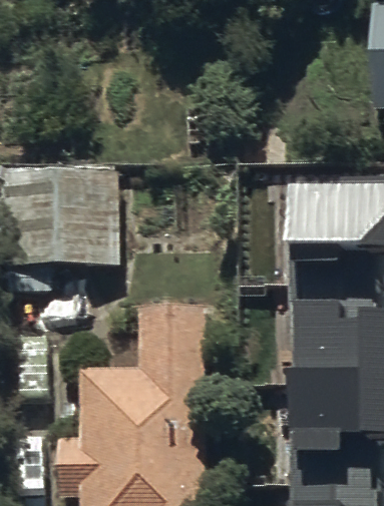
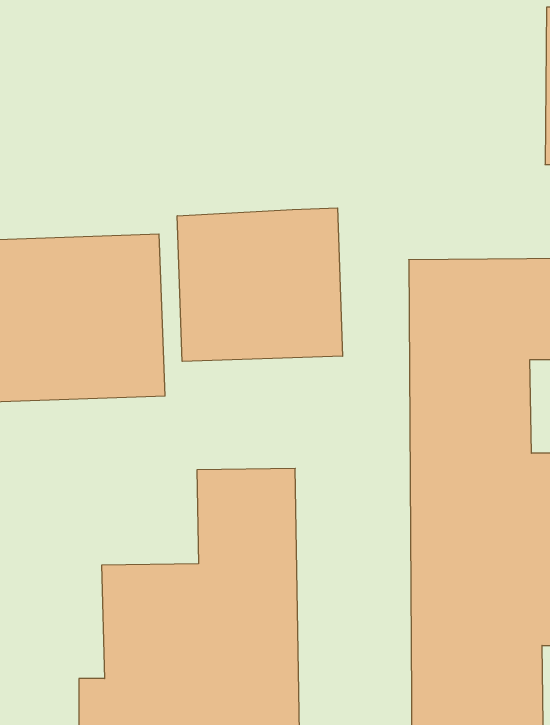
building: none -> [177,208,343,361]

